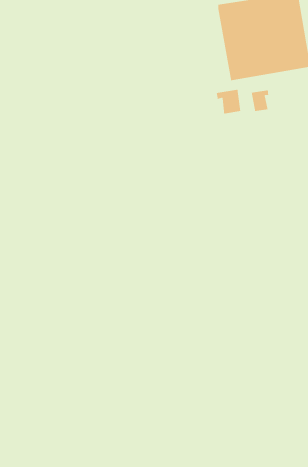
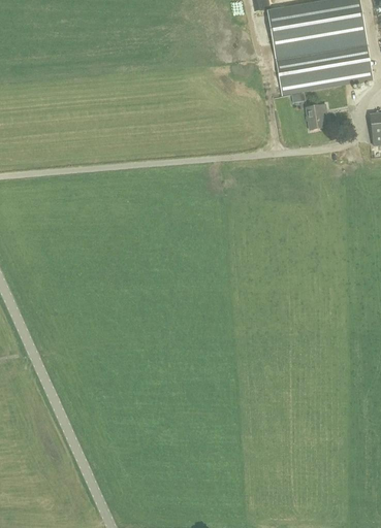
building: [216,89,241,115] -> none

